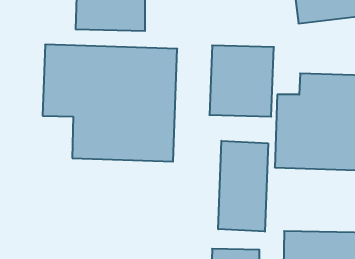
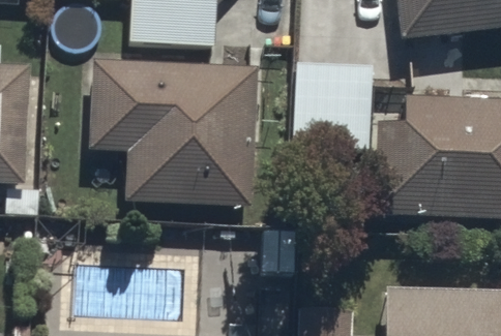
building: [218,141,268,232] -> none

